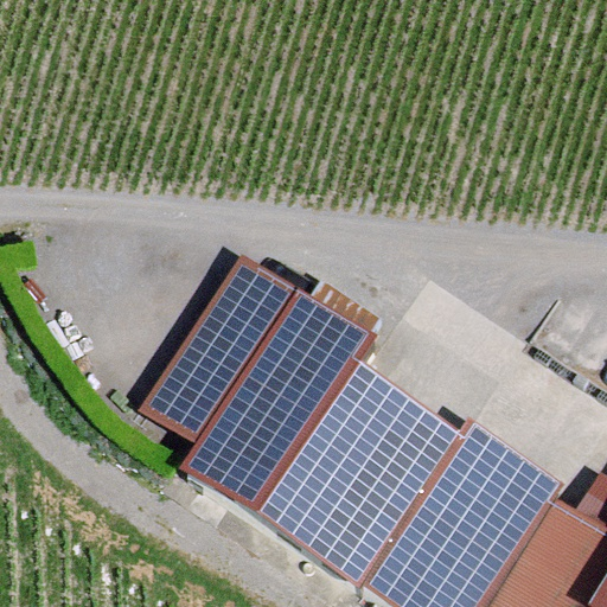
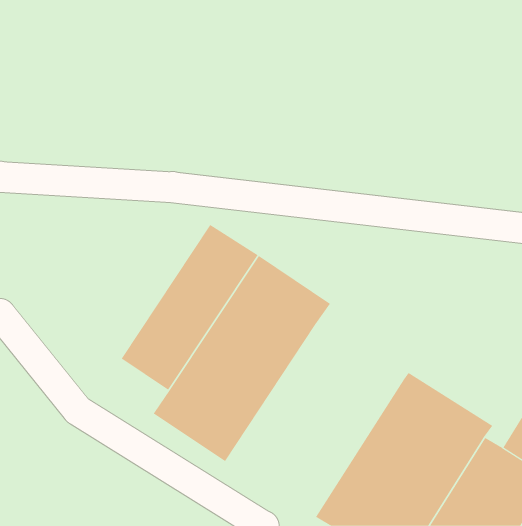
building: [266,372,469,595] -> none

